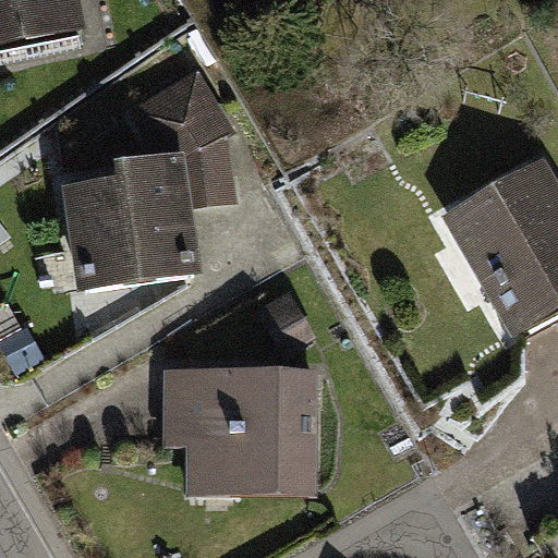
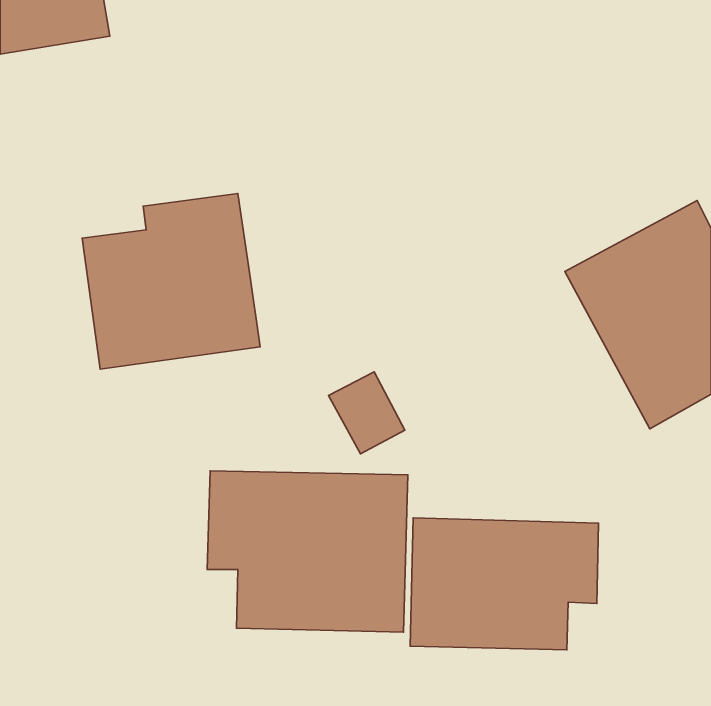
building: [129,70,234,211] -> none
building: none -> [410,518,599,650]

